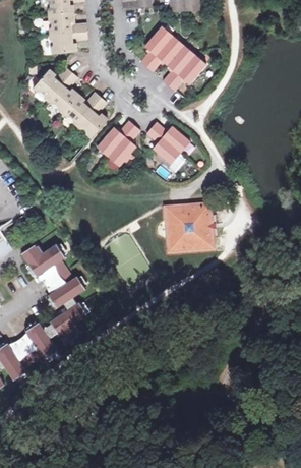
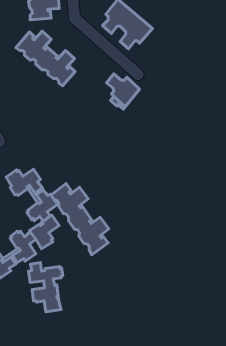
building: [97,121,140,166] -> none
building: [166,206,218,251] -> none
building: none -> [51,184,109,255]
building: none -> [28,262,63,312]

